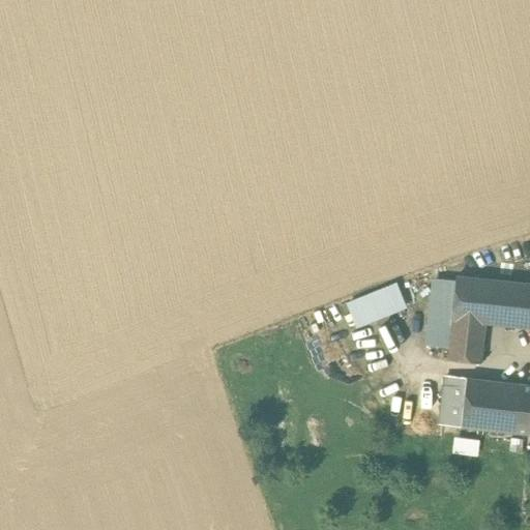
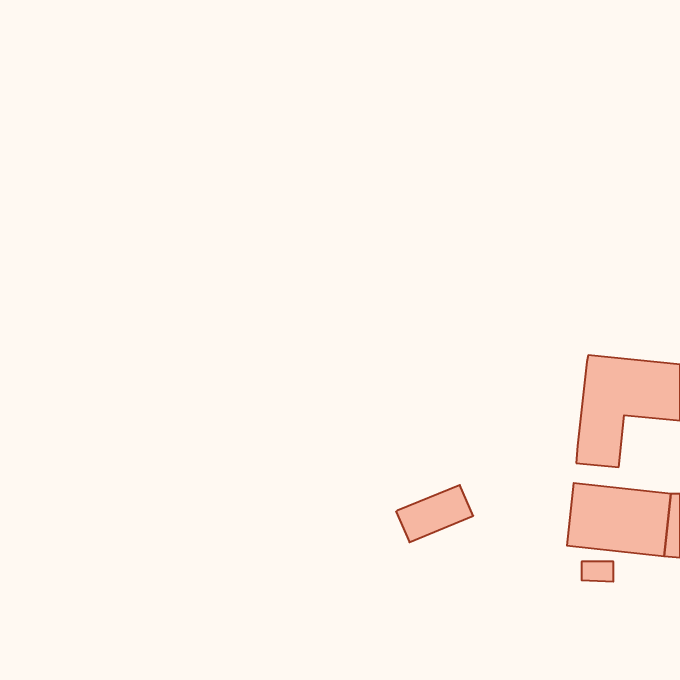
building: [429,278,457,347] -> none
building: [347,282,407,326] -> [396,485,473,542]

